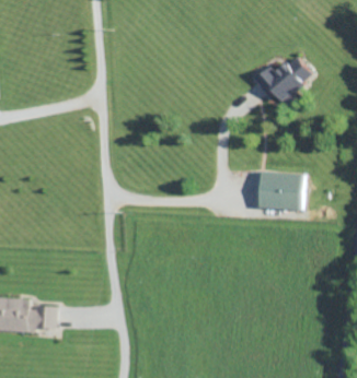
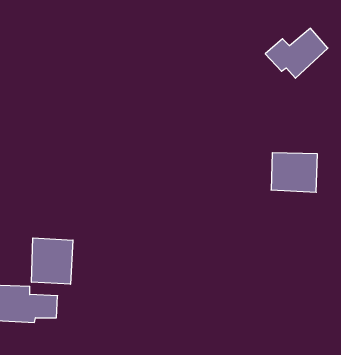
building: none -> [32,238,73,284]

